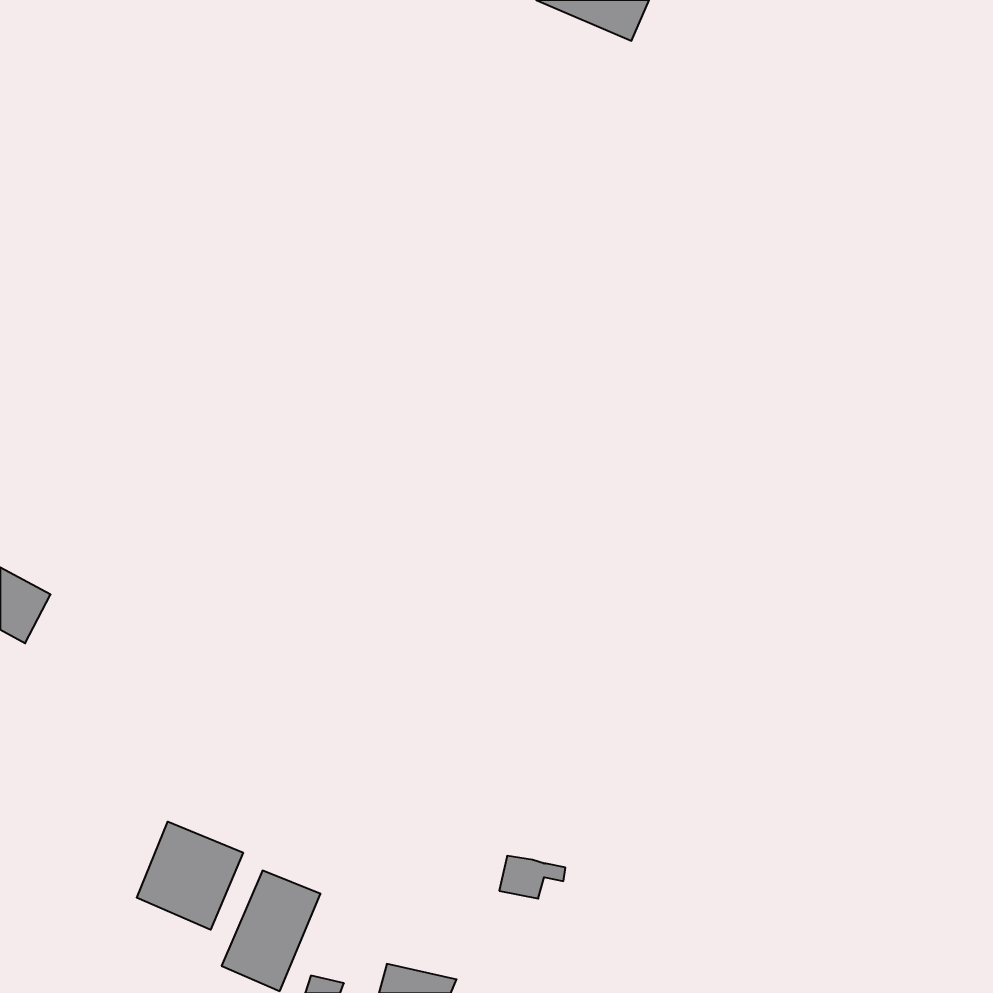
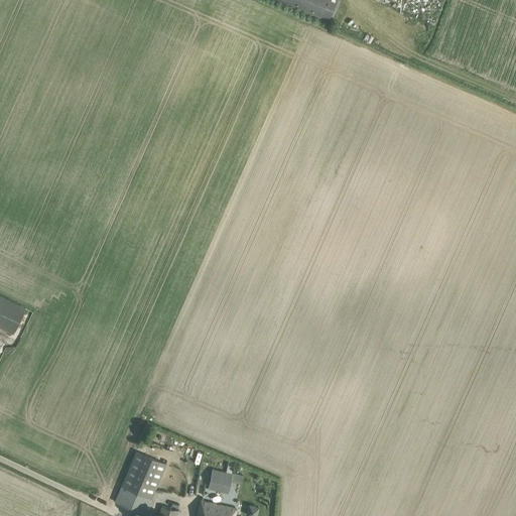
building: [137,822,243,930] -> none
building: [499,856,565,899] -> [208,470,242,492]

